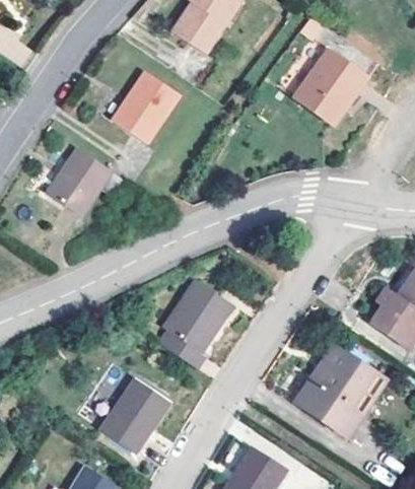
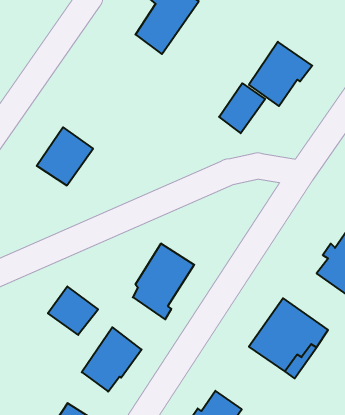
building: [116,75,184,145] -> none
building: none -> [219,83,265,133]
building: none -> [48,286,98,335]

